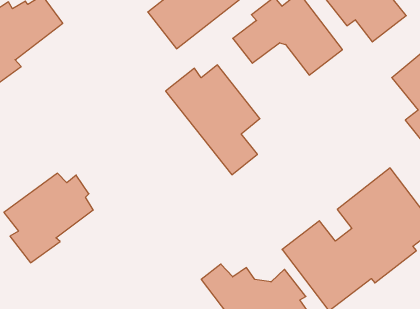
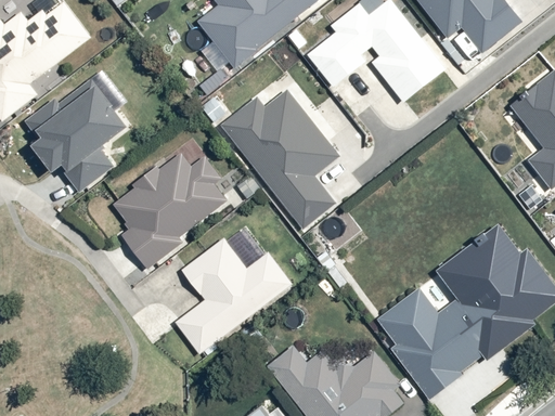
building: none -> [23,80,124,191]
building: [4,173,93,263] -> [111,153,224,266]
building: none -> [173,237,293,351]

